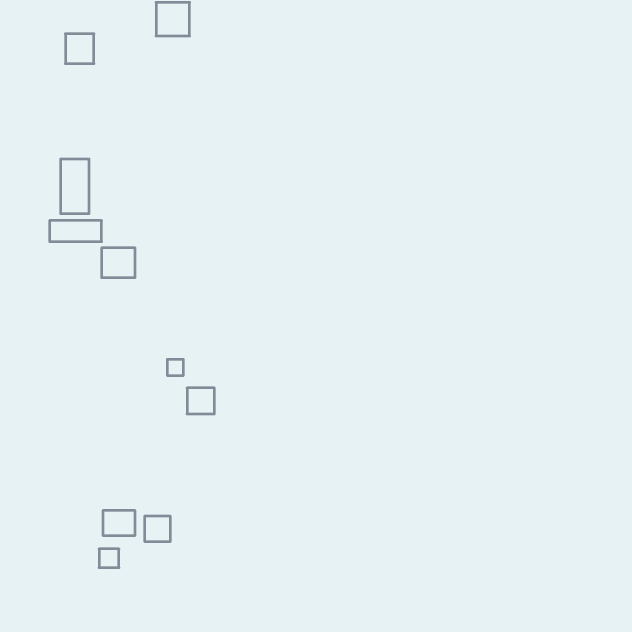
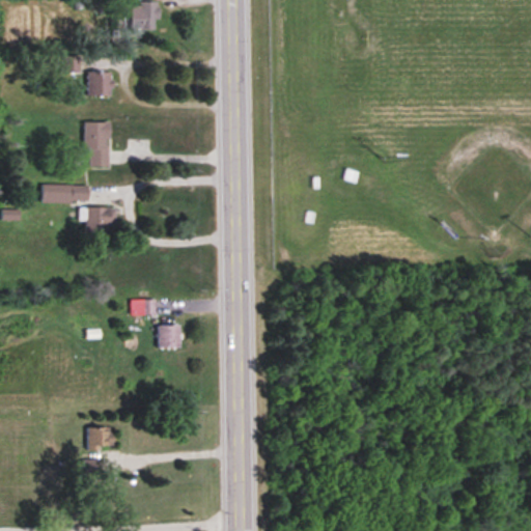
building: [65,34,94,64] -> [88,72,112,96]
building: [61,159,89,214] -> [86,122,110,168]
building: [145,516,170,542] -> none

